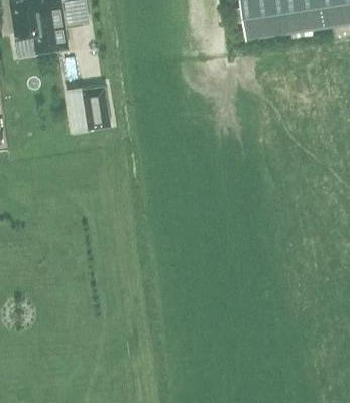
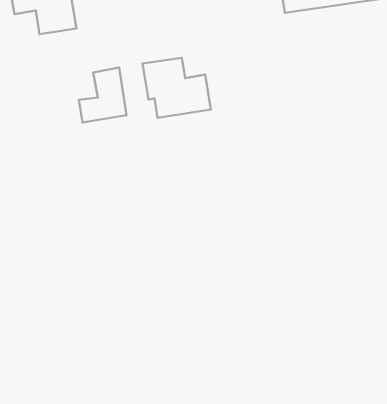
building: none -> [143,58,211,118]

